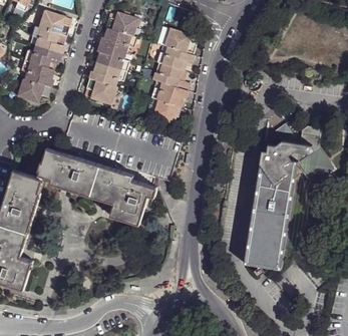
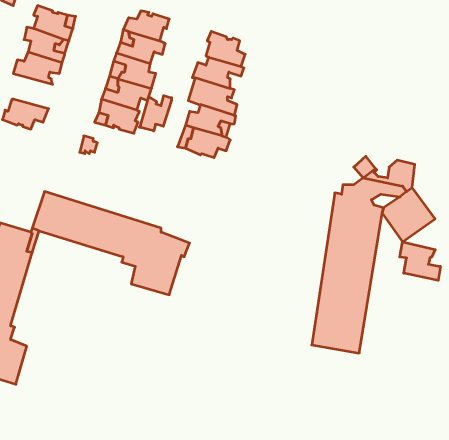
building: [21,61,52,87] -> none
building: none -> [139,96,172,131]
building: none -> [400,242,440,280]

